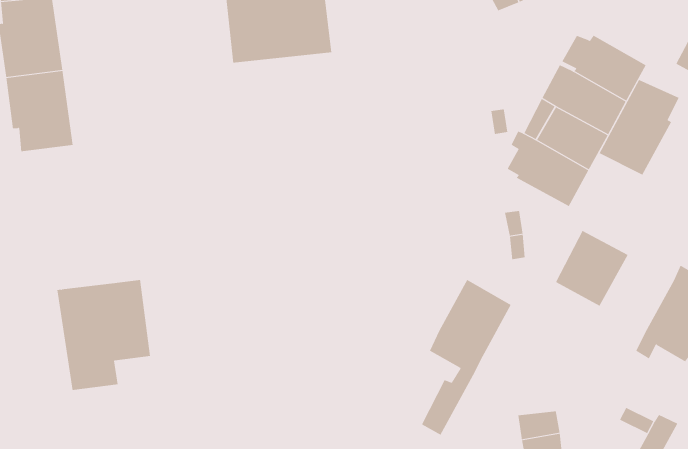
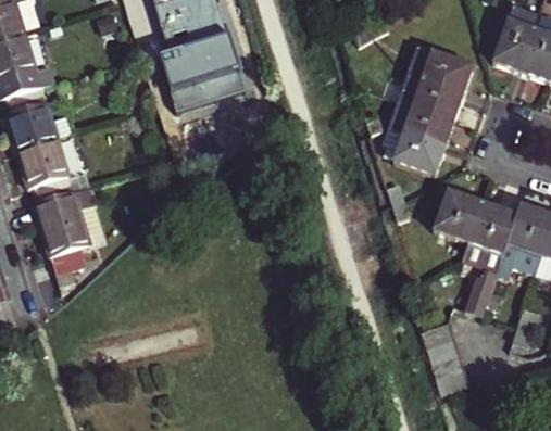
building: [599,79,680,176] -> none
building: [421,279,512,435] -> [462,201,515,315]
building: [56,280,151,390] -> [33,183,108,270]

